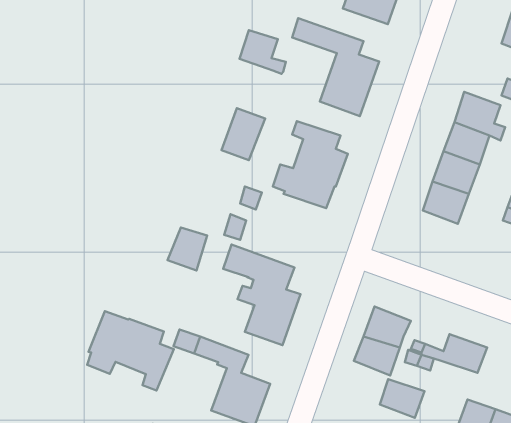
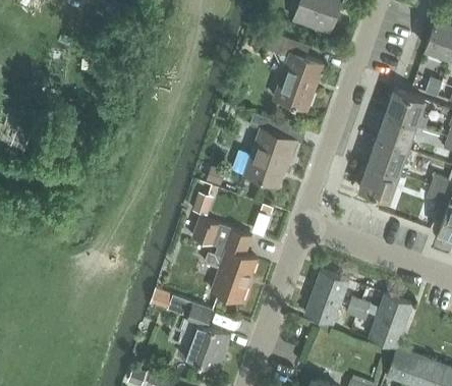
building: [240,30,286,74] -> none
building: [221,108,265,160] -> none
building: [167,227,207,271] -> none
building: [87,311,174,391] -> none
building: [380,379,425,418] -> [369,316,406,348]

